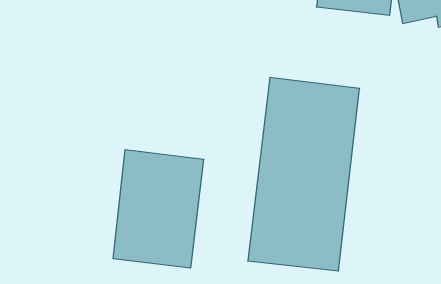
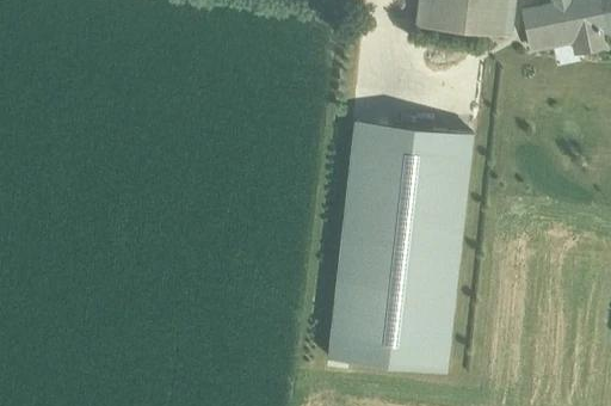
building: [113,150,204,268] -> none

